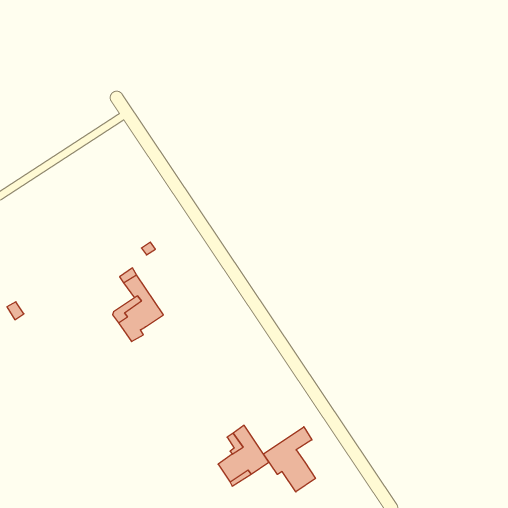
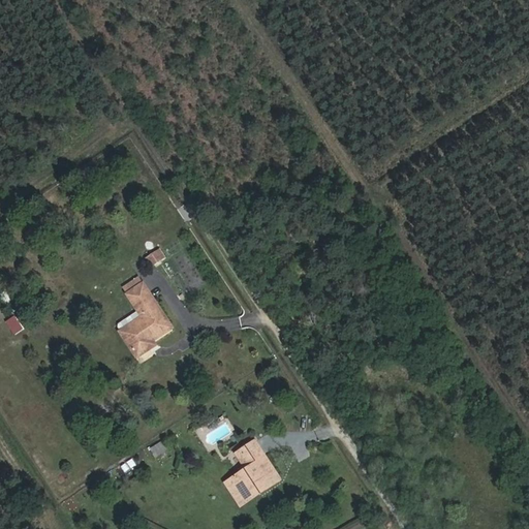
building: [263,427,315,492] -> none

